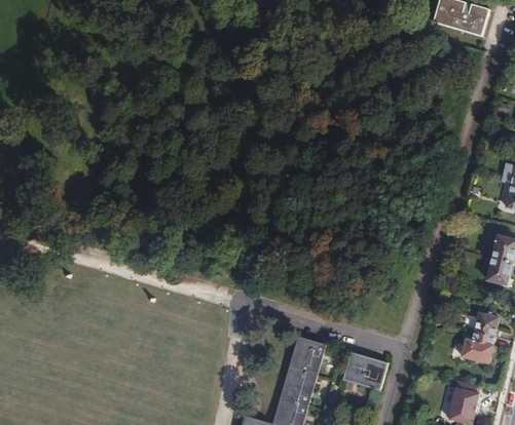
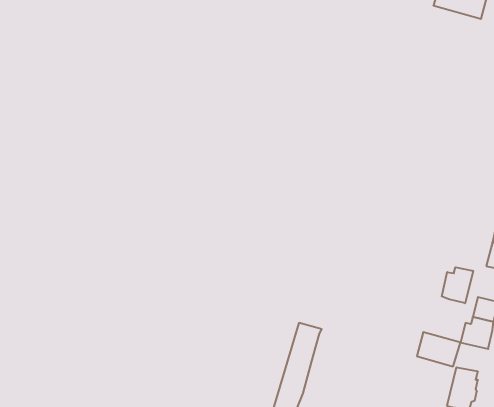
building: none -> [442,267,473,303]
building: [342,353,385,387] -> [417,332,460,366]

